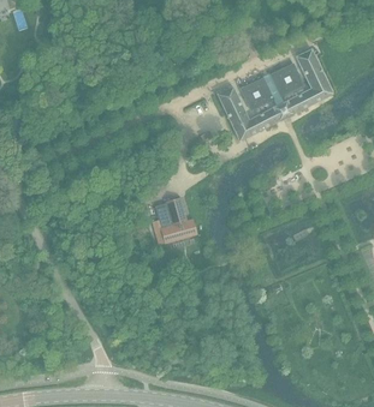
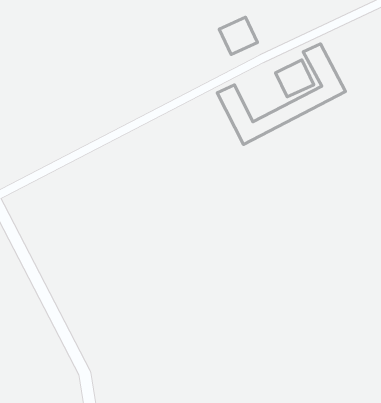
building: [238,76,273,109] -> [219,17,258,54]
building: [154,197,195,240] -> none

